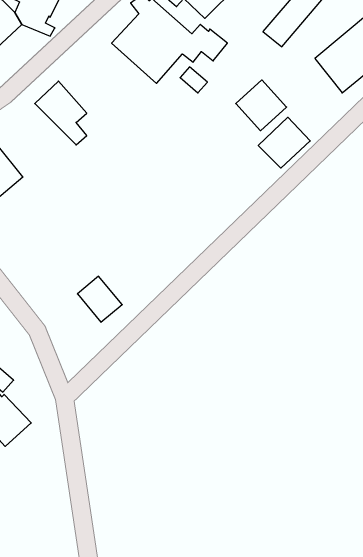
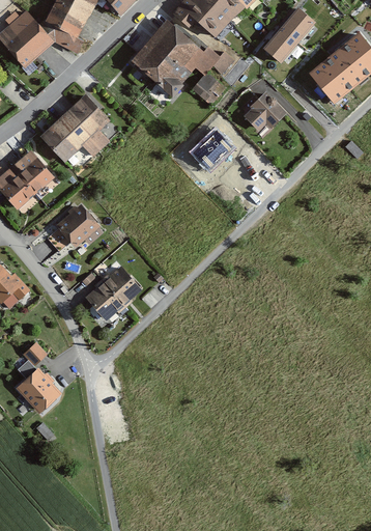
building: none -> [38,112,101,162]
building: [258,117,310,168] -> [190,127,235,171]
building: none -> [47,201,104,251]
building: none -> [83,279,122,320]

